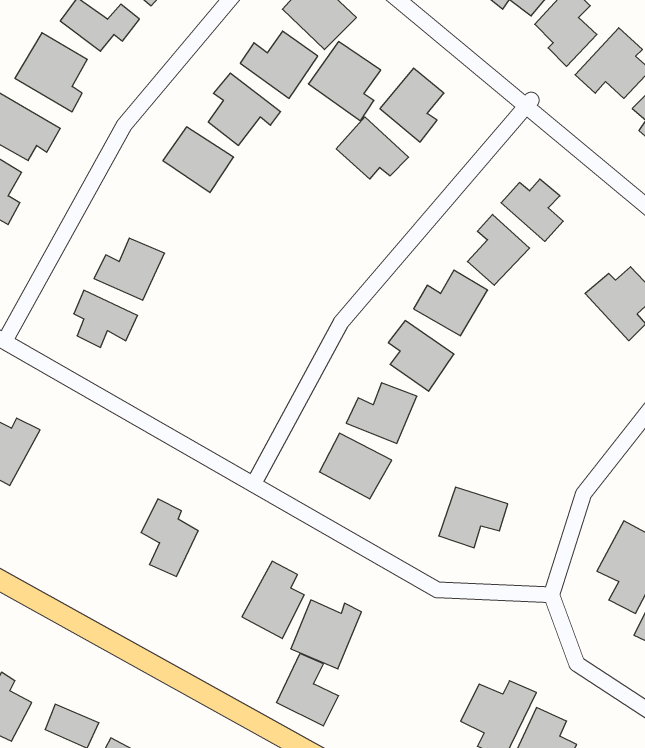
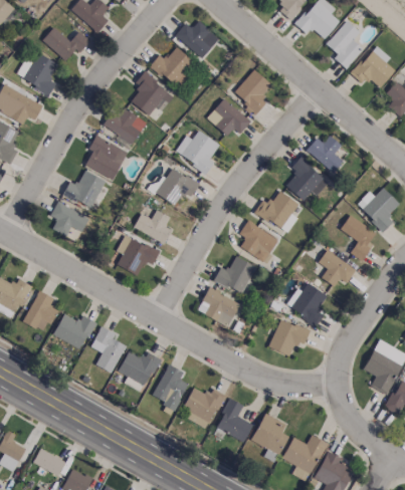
building: [308,42,381,121] -> [176,127,219,174]
building: none -> [85,135,129,180]
building: none -> [157,167,200,205]
building: none -> [135,210,172,243]
building: none -> [341,215,379,260]
building: none -> [118,234,160,275]
building: none -> [320,250,357,285]
building: none -> [291,282,328,325]
building: none -> [24,290,59,328]
building: none -> [53,313,95,349]
building: none -> [118,350,161,392]
building: none -> [252,413,288,454]
building: [276,654,339,726] -> [216,399,253,442]

